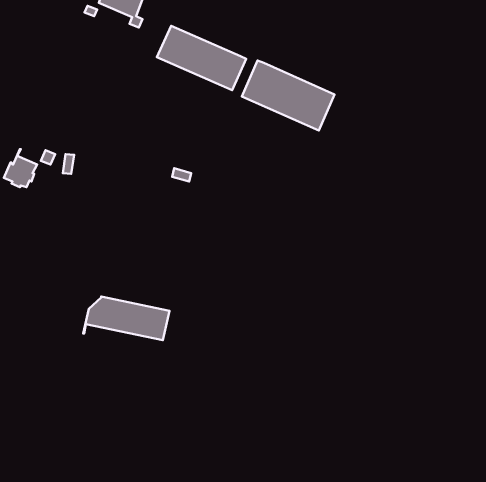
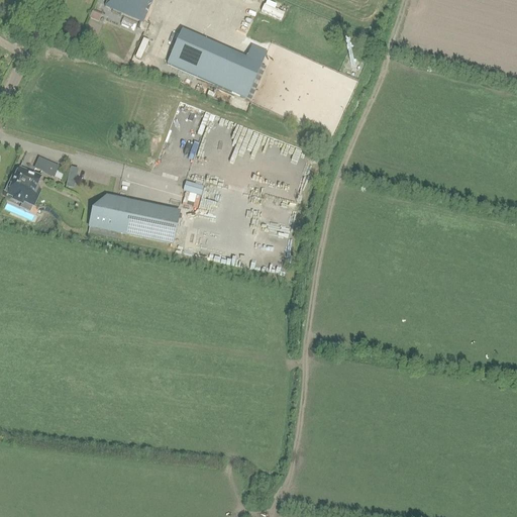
building: [242,60,334,131] -> none
building: [83,297,170,340] -> [86,194,178,240]

